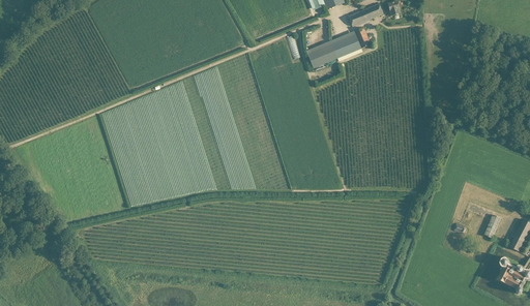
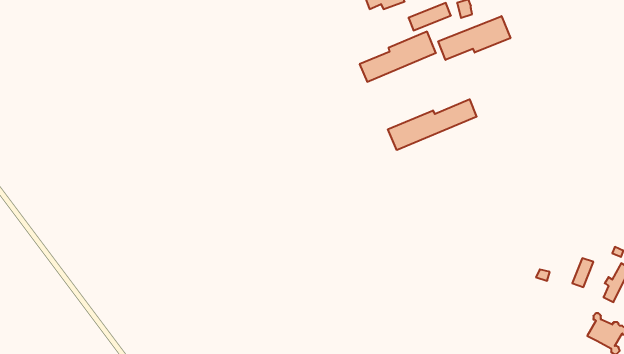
building: none -> [438,16,510,60]
building: none -> [388,99,477,150]

